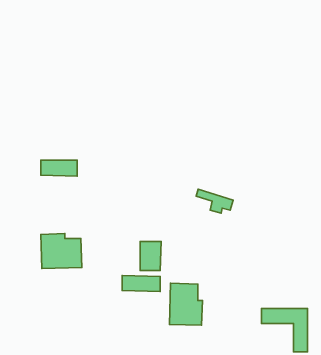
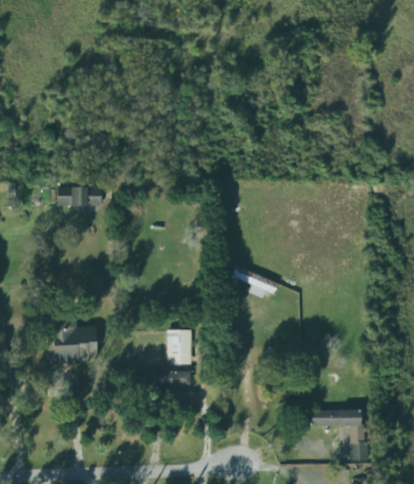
building: [41,160,77,176] -> [58,188,101,207]
building: [170,283,202,325] -> none

